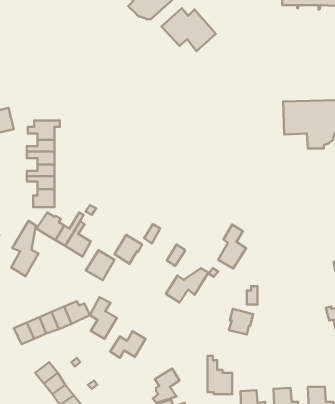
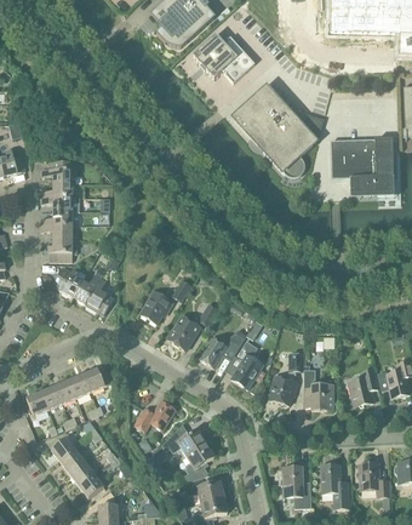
building: none -> [238,89,316,177]
building: [11,221,38,276] -> none
building: [218,225,246,269] -> [231,338,263,388]
building: [86,250,115,280] -> [167,315,200,349]
building: [90,297,117,339] -> none
building: none -> [349,369,380,406]
building: none -> [164,422,206,455]
building: [207,356,232,394] -> [305,365,333,409]

